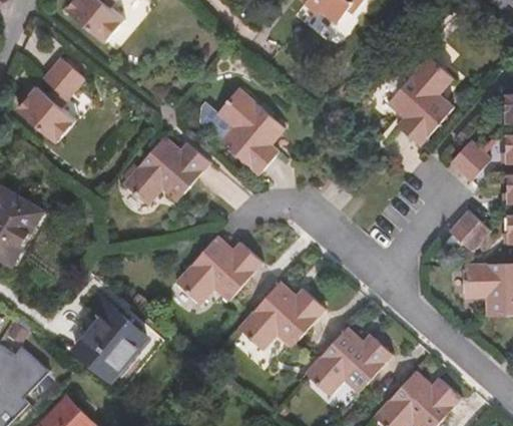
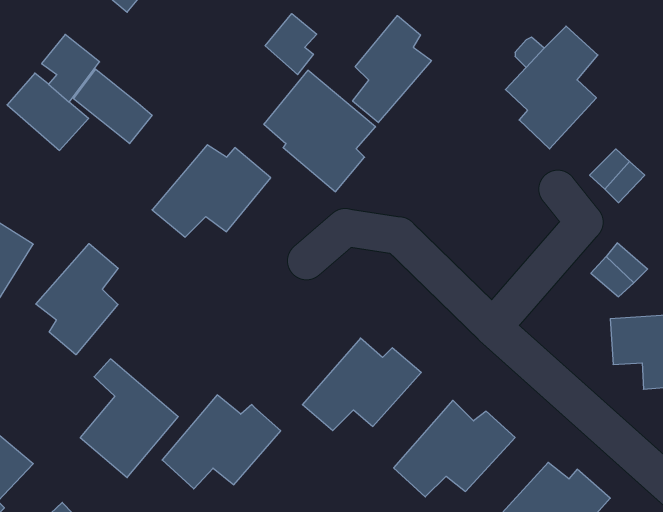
building: none -> [265,14,317,75]
building: none -> [353,16,431,123]
building: none -> [73,69,152,144]
building: none -> [36,244,118,355]
building: [174,235,261,303] -> [162,395,281,489]

